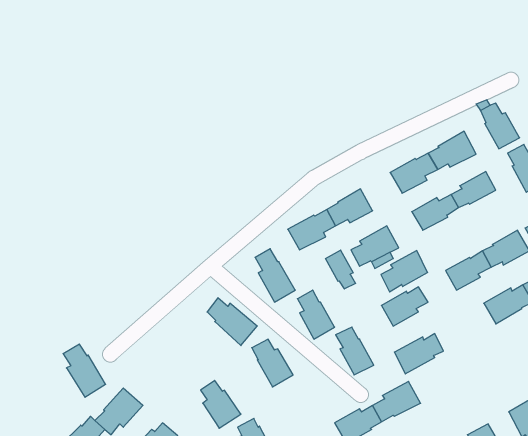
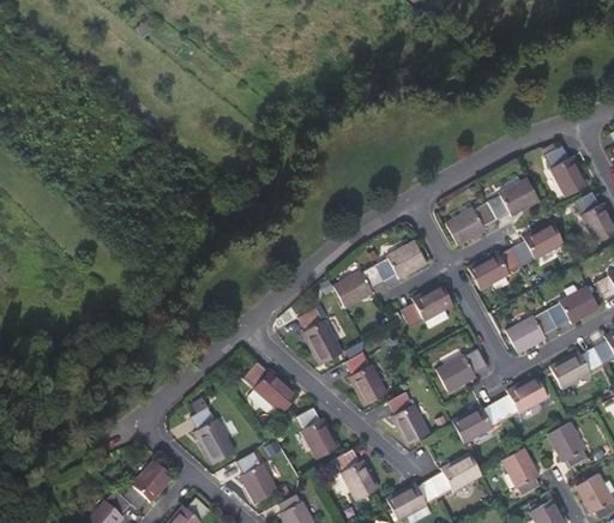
building: [326,250,356,289] -> none
building: [381,251,428,292] -> [495,373,547,419]
building: [63,344,106,397] -> [189,405,236,464]
building: none -> [549,422,590,469]
building: none -> [335,447,379,499]
building: none -> [502,447,542,495]

